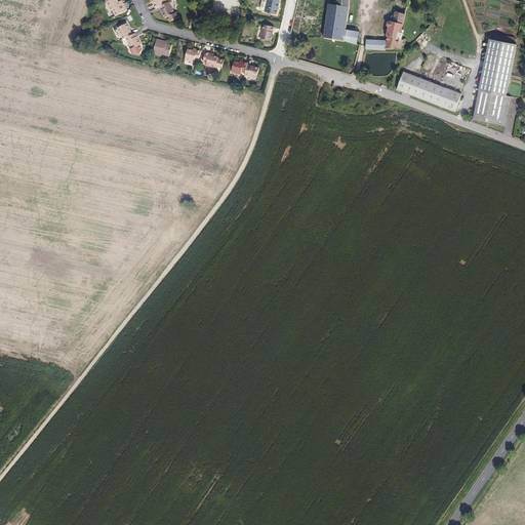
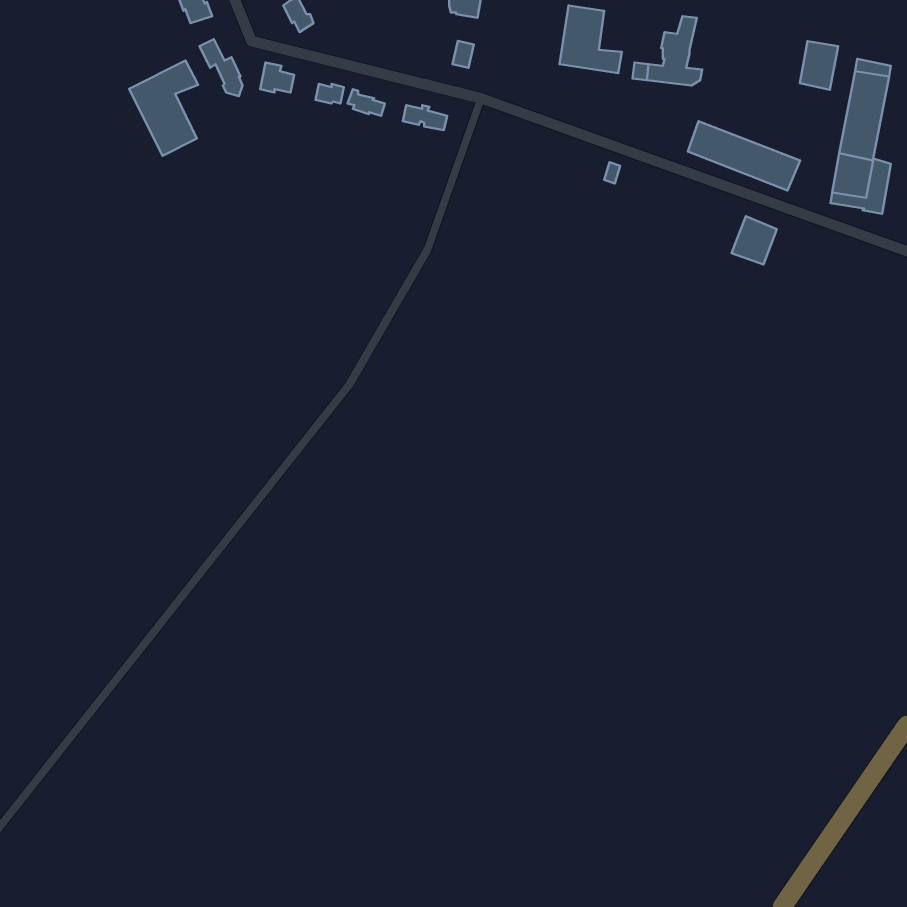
building: none -> [800,41,838,90]
building: none -> [129,60,198,156]
building: none -> [732,216,777,264]

